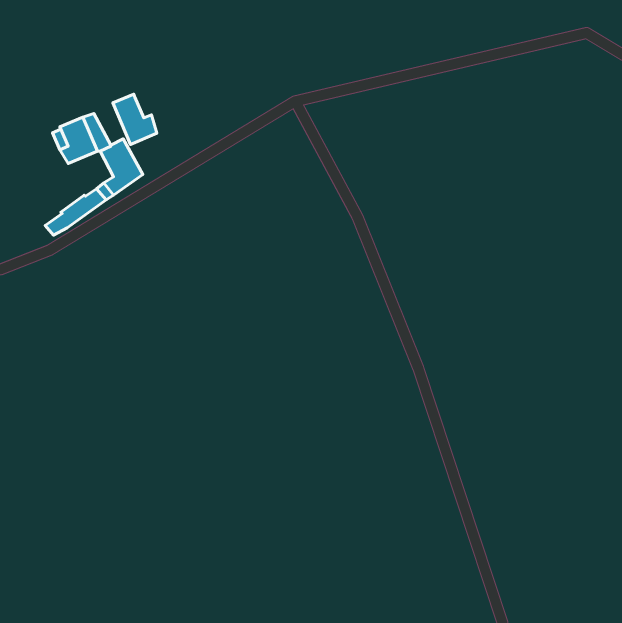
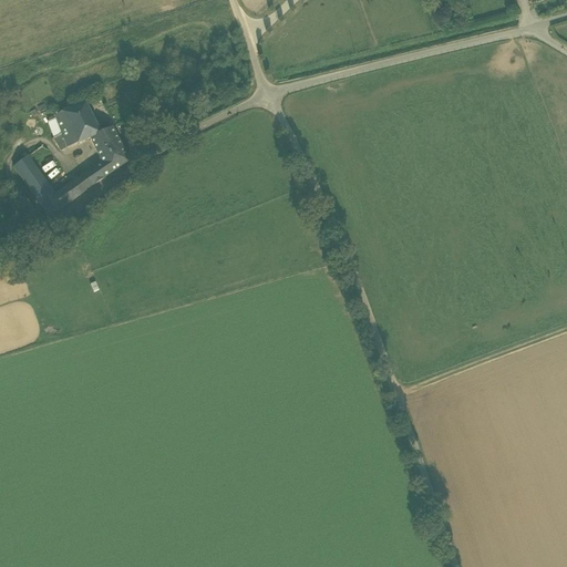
building: [113,94,157,145] -> none
building: none -> [14,155,58,205]

